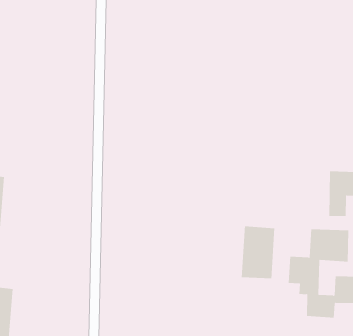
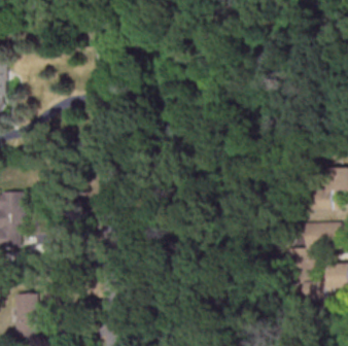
building: [241,226,275,279] -> none

